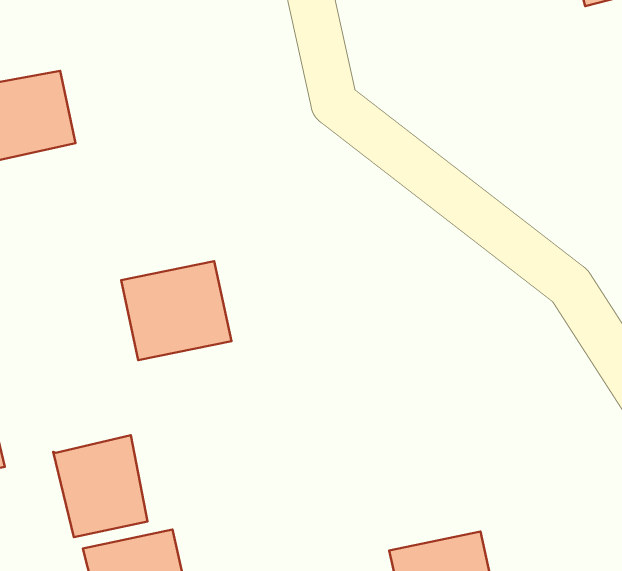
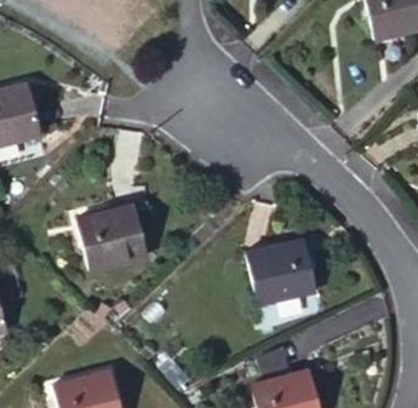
building: none -> [246,249,311,304]
building: [53,435,148,537] -> none

